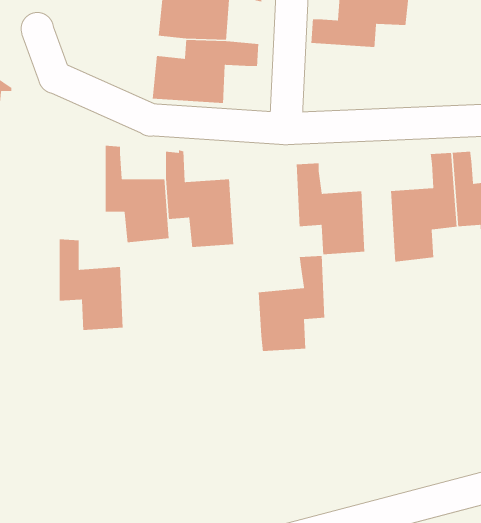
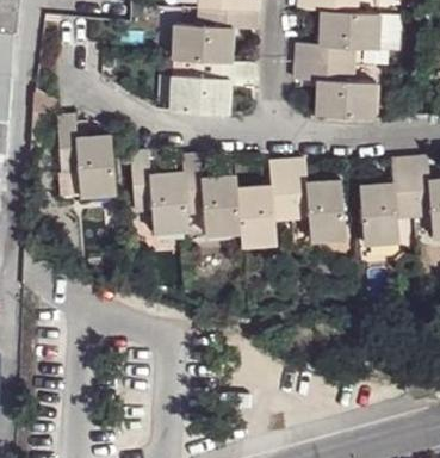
building: none -> [297,66,374,118]
building: [59,238,124,331] -> [56,113,109,188]
building: [258,255,325,352] -> [234,163,289,242]

